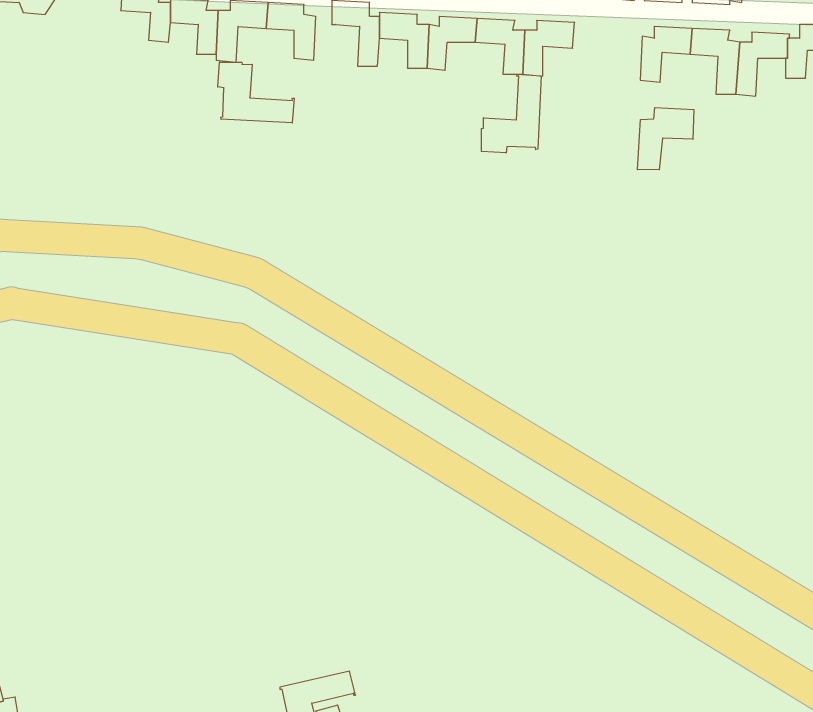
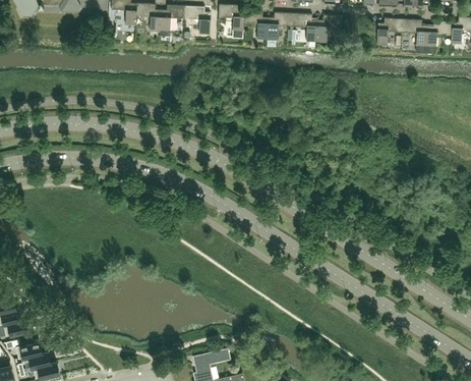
building: [218,62,294,123] -> none
building: [481,74,541,153] -> none
building: [637,108,694,170] -> none

